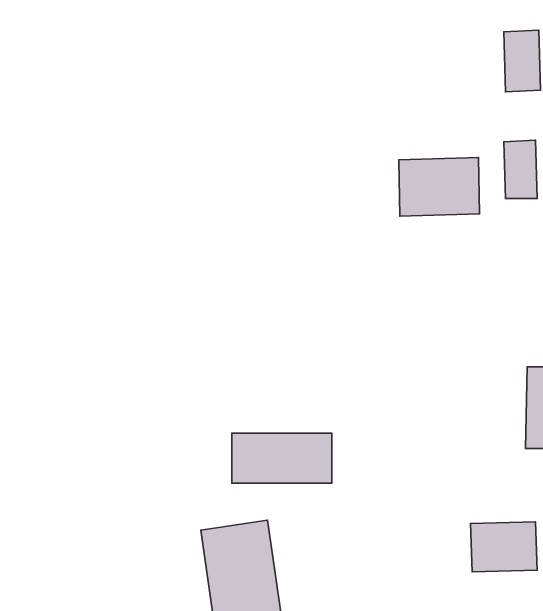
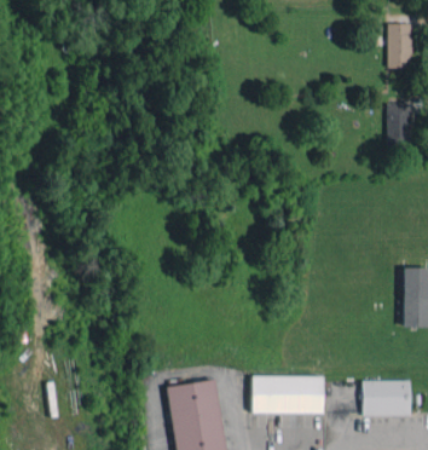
building: [399,158,480,216] -> none
building: [232,433,332,483] -> [251,376,324,412]

